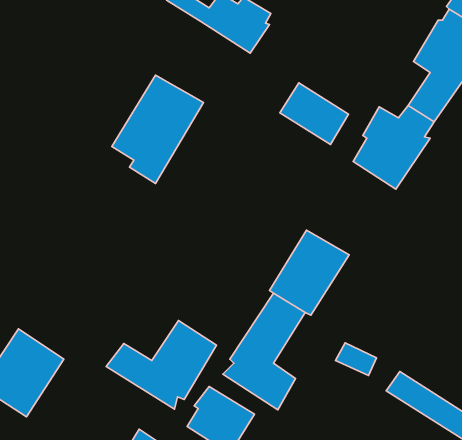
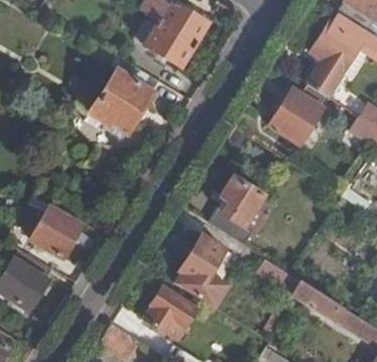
building: [280,83,348,144] -> [142,22,193,68]
building: none -> [29,205,82,259]
building: [106,321,217,409] -> none

